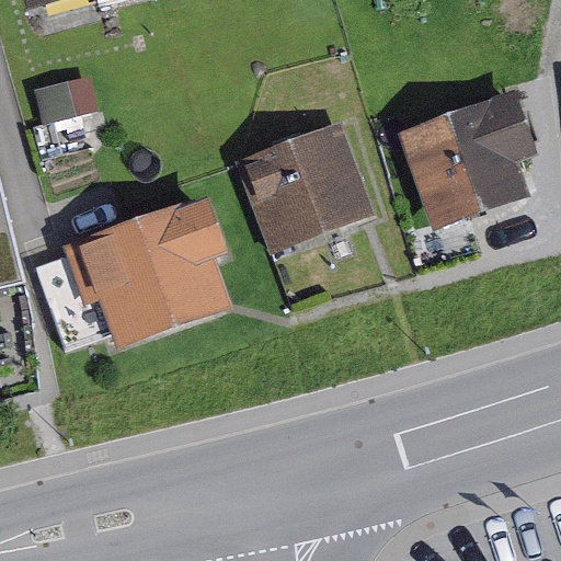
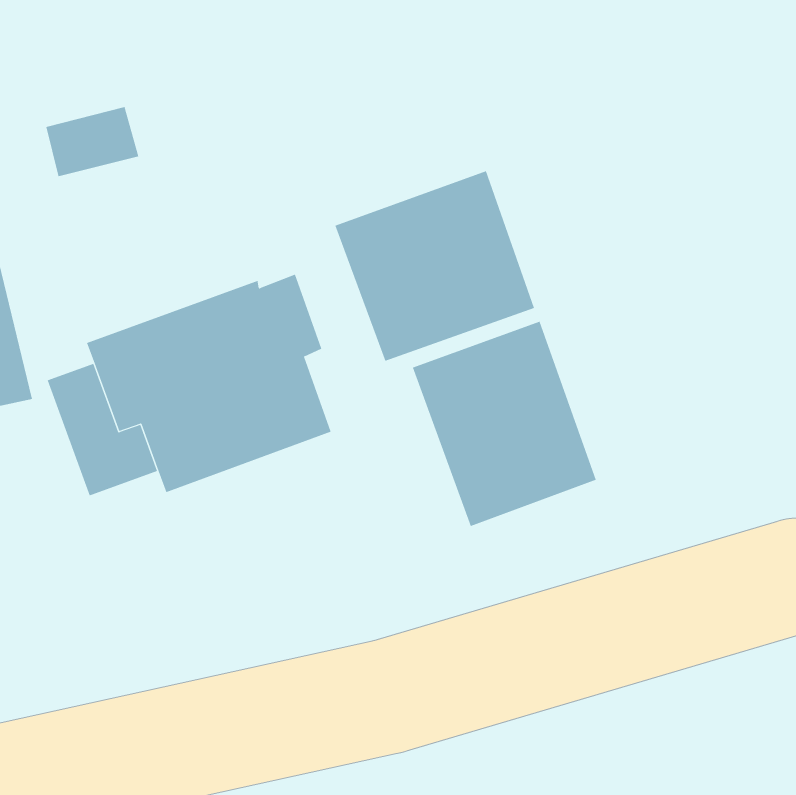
building: [394,85,539,229] -> none
building: none -> [412,321,597,527]

